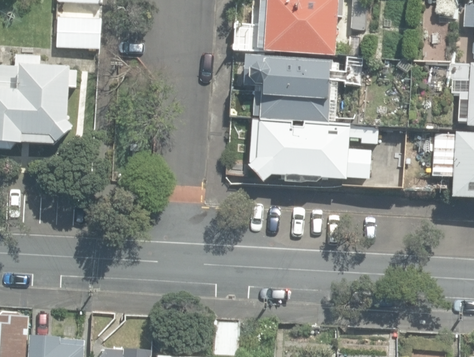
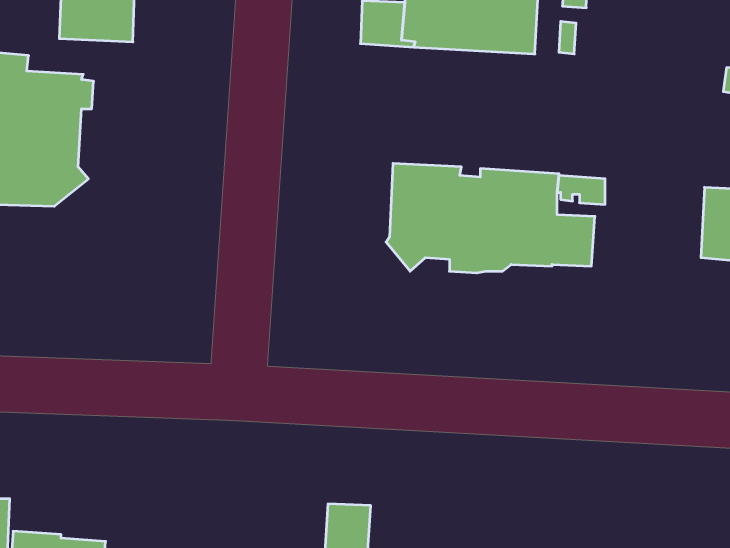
building: [229,55,333,119] -> none

